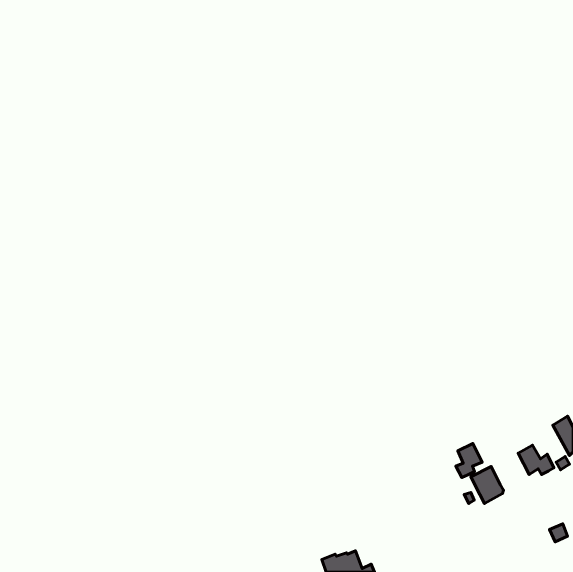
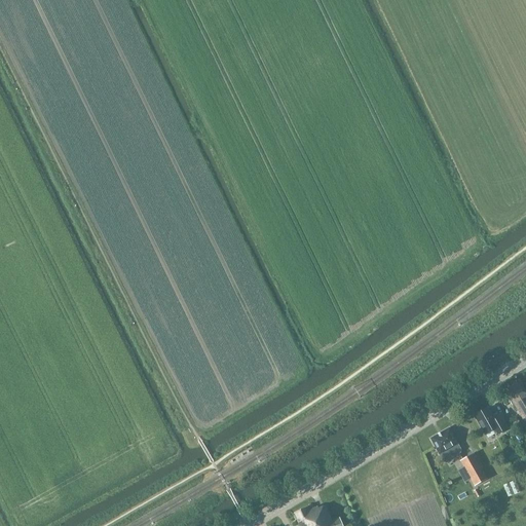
building: [456,443,482,478] -> none
building: none -> [460,453,487,486]

